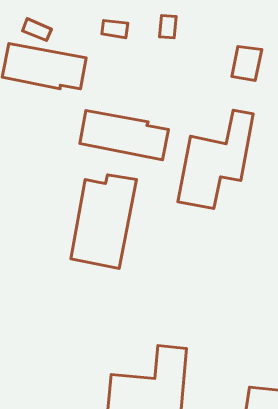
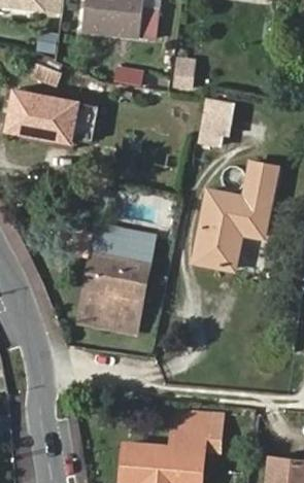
building: [232,47,262,80] -> [200,98,232,134]
building: [80,110,168,160] -> none

